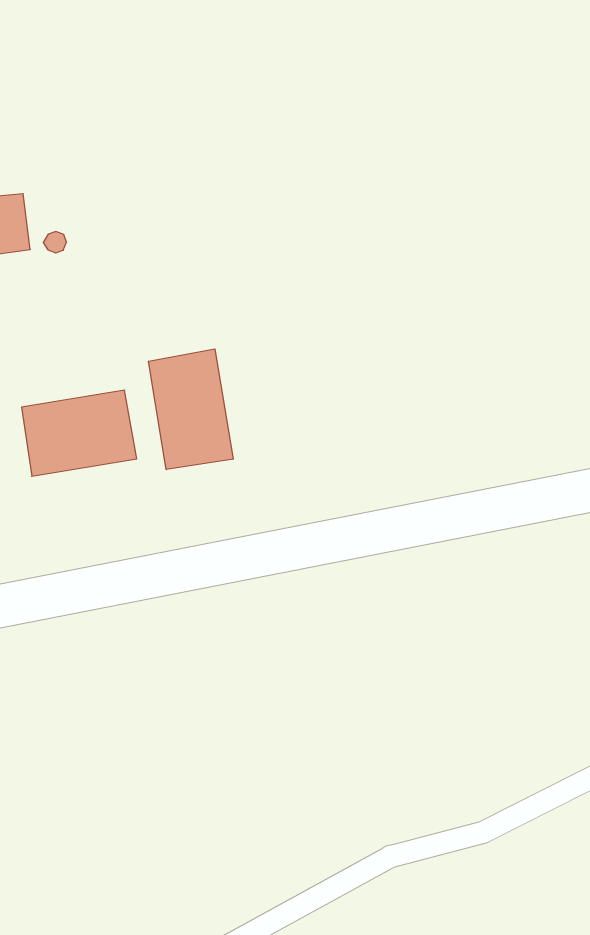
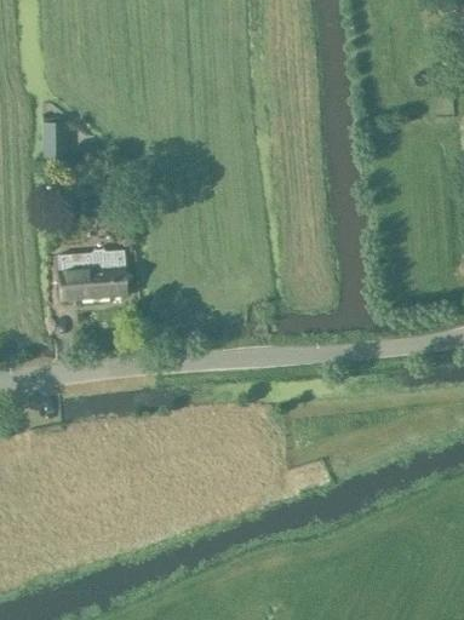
building: [148,349,233,470] -> none

